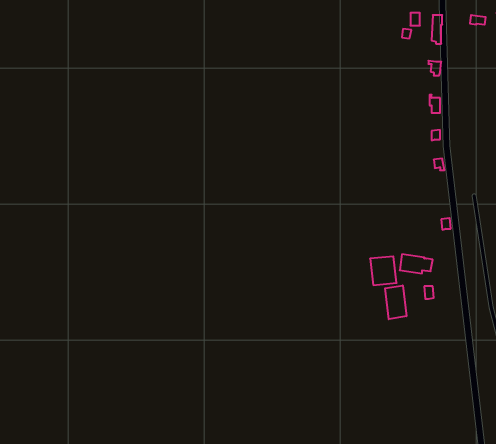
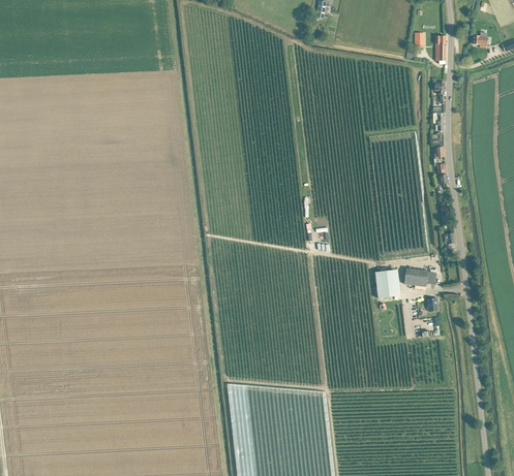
building: [385,285,406,319] -> none

